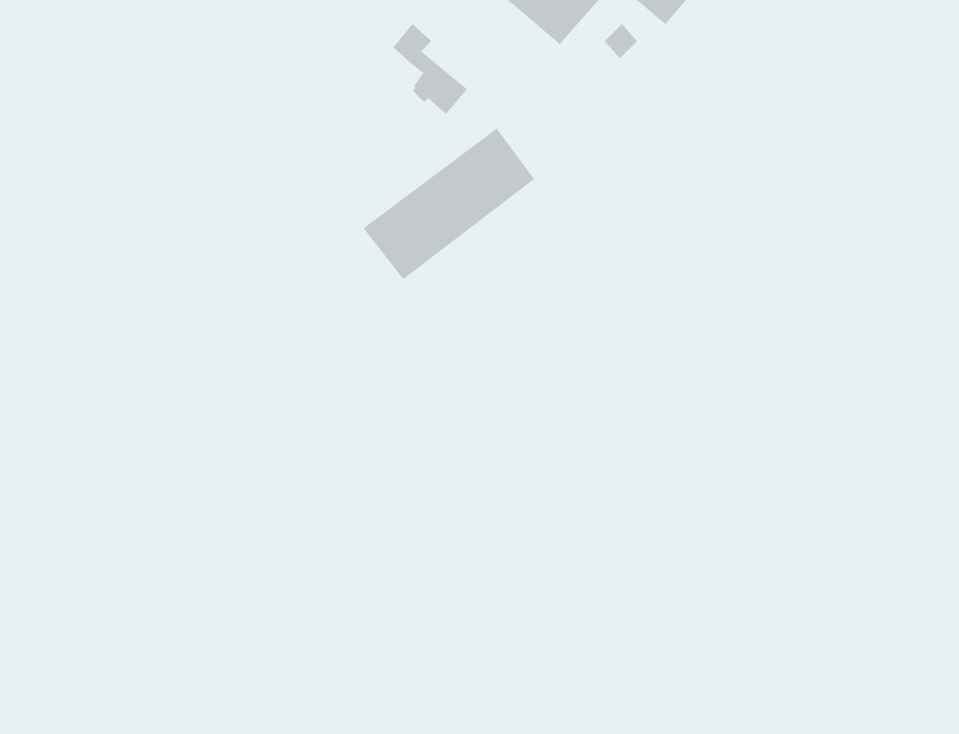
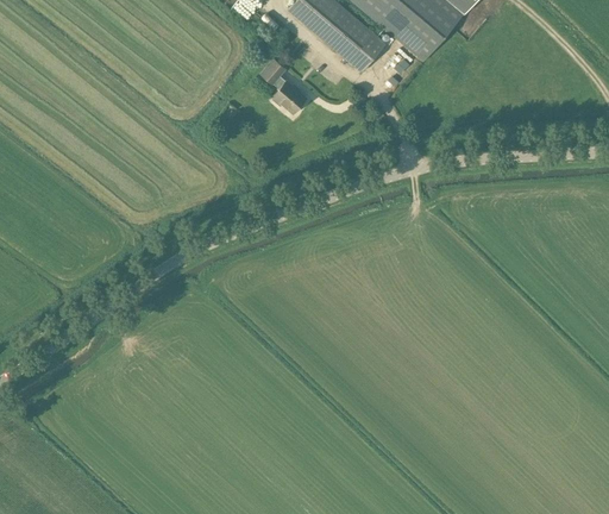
building: [363,128,535,280] -> none

